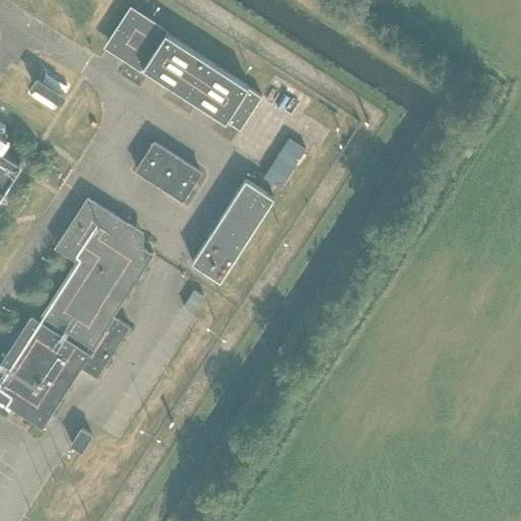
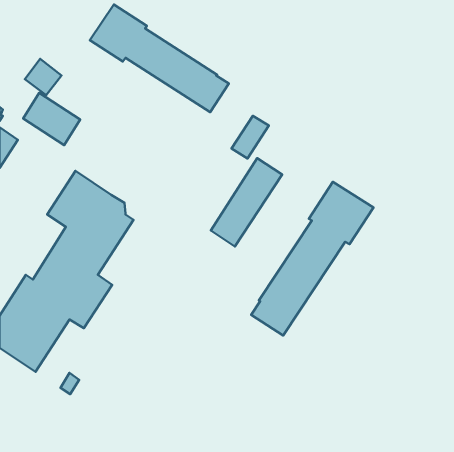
building: [134,142,199,202] -> [23,93,80,145]
building: [192,181,274,282] -> [211,158,282,246]
building: none -> [251,182,373,335]

